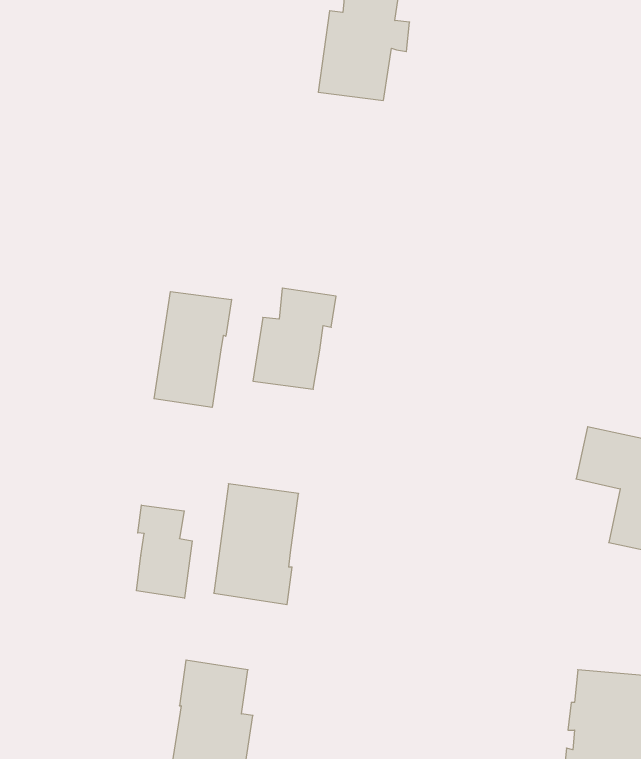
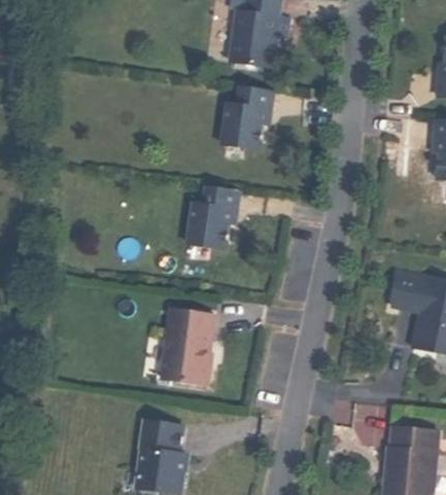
building: none -> [219,86,271,150]
building: [154,292,232,407] -> none
building: [137,505,192,598] -> none

